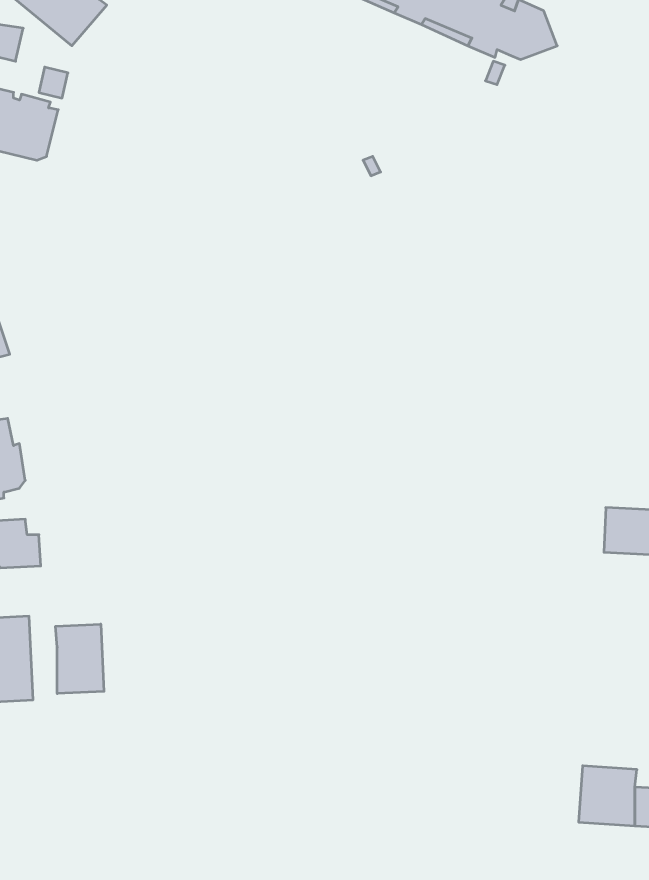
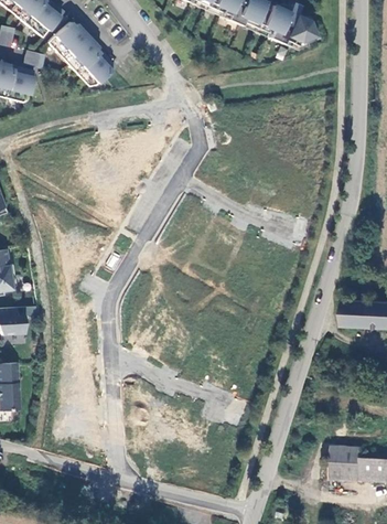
building: none -> [49,21,115,85]
building: [56,624,104,694] -> none

